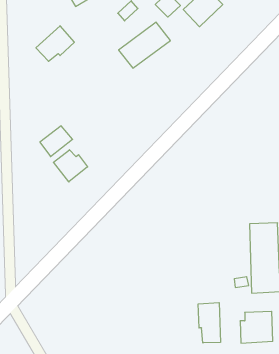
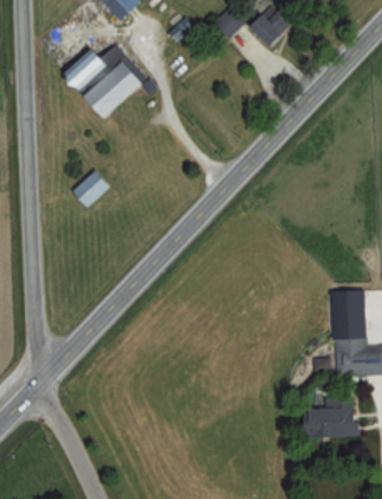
building: [119,22,170,68] -> [84,61,148,118]
building: [53,150,88,182] -> none
building: [198,303,220,343] -> none

